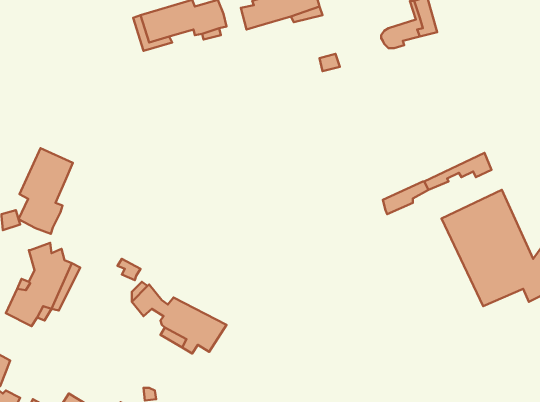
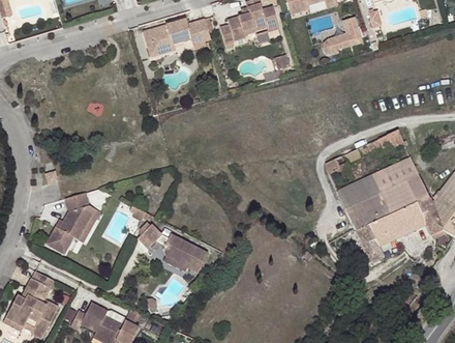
building: [19,148,73,234] -> none
building: none -> [334,176,395,264]

